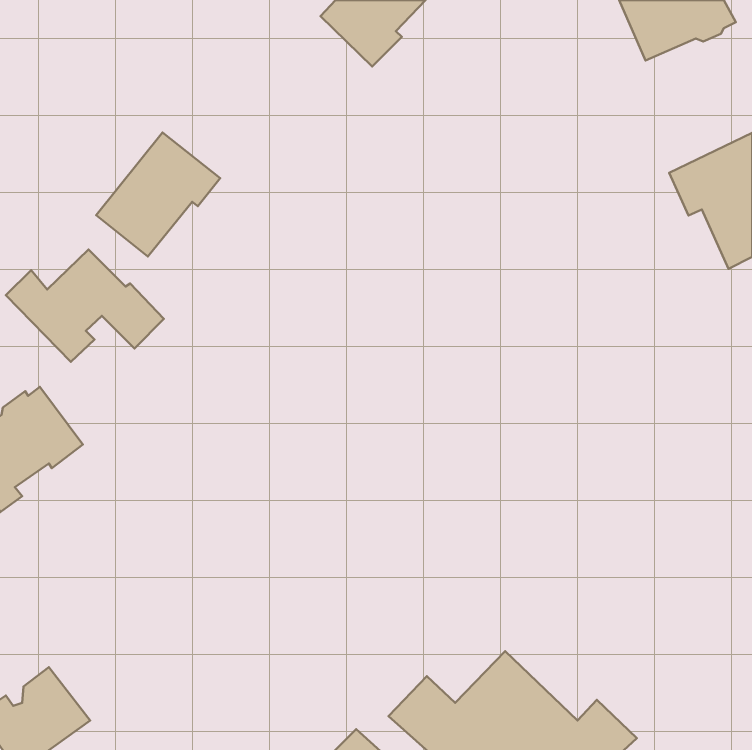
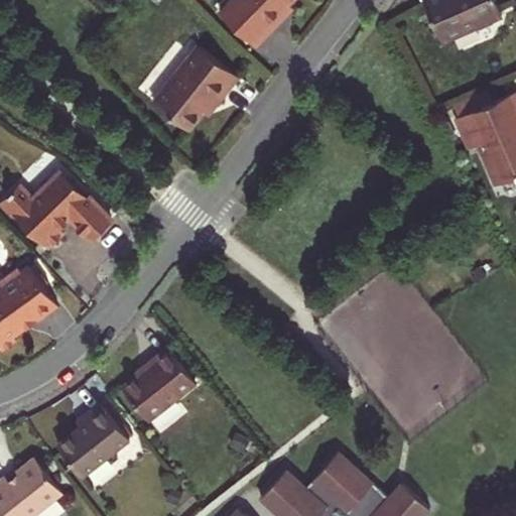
building: [96,132,220,256] -> [152,47,237,132]
building: none -> [121,351,195,423]
building: none -> [56,404,129,478]

